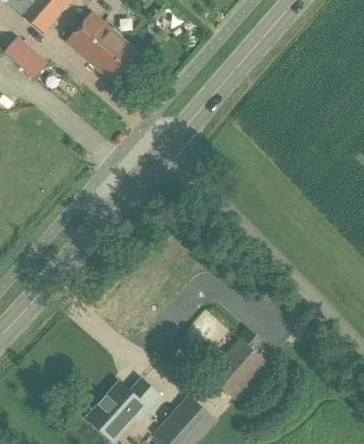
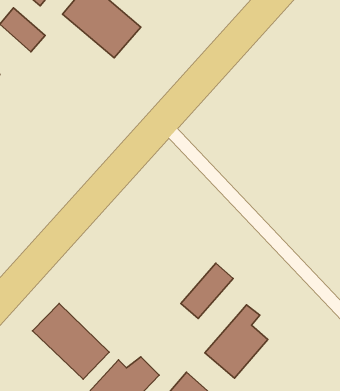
building: none -> [181,263,233,319]
building: none -> [32,304,109,379]

